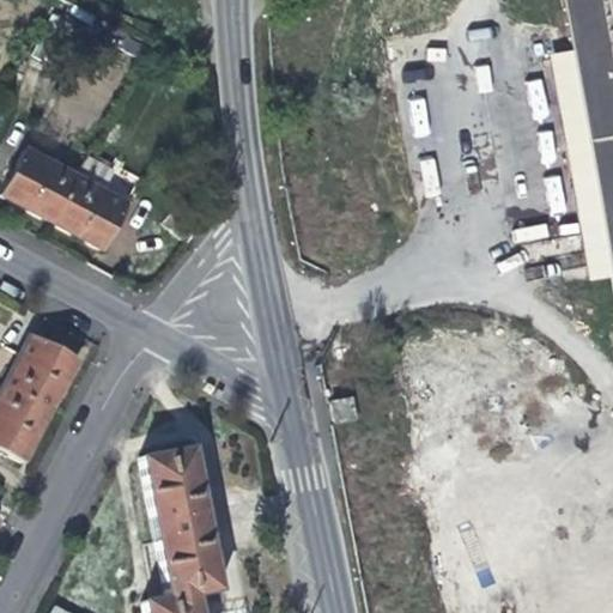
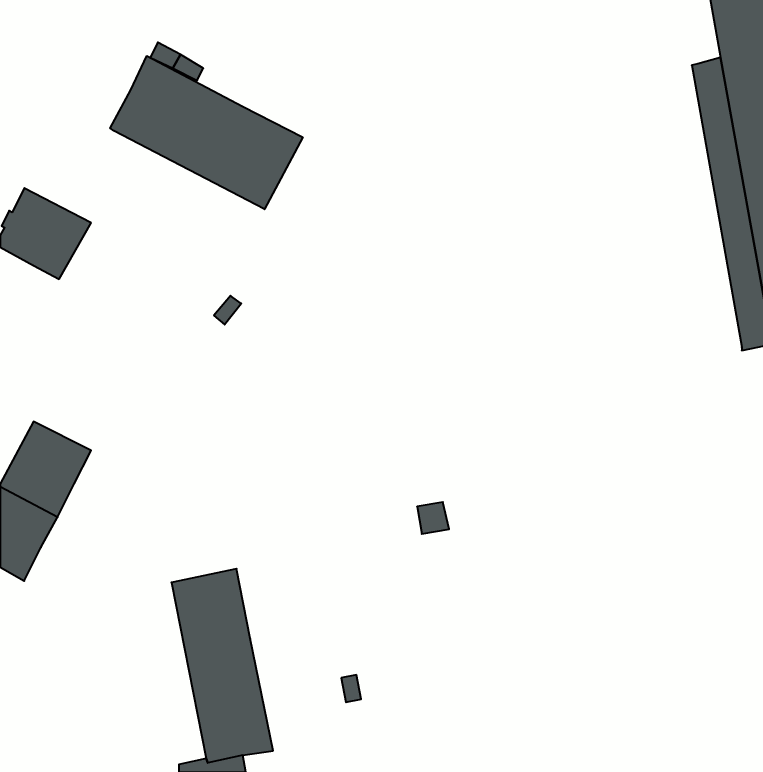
building: none -> [110,56,303,209]
building: [56,176,134,248] -> none

